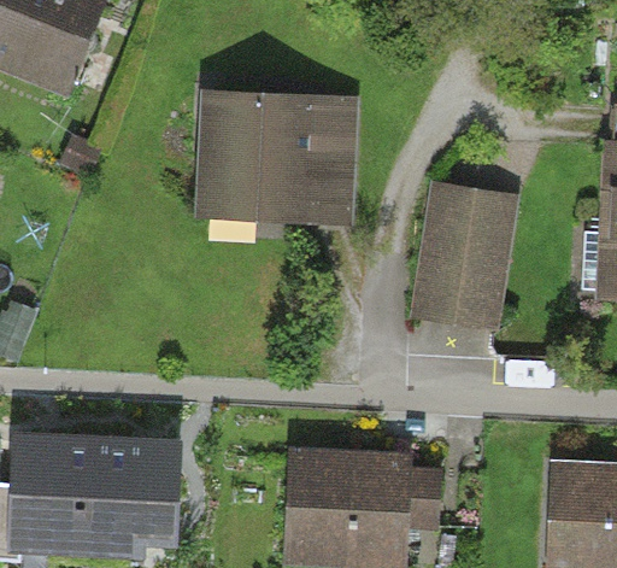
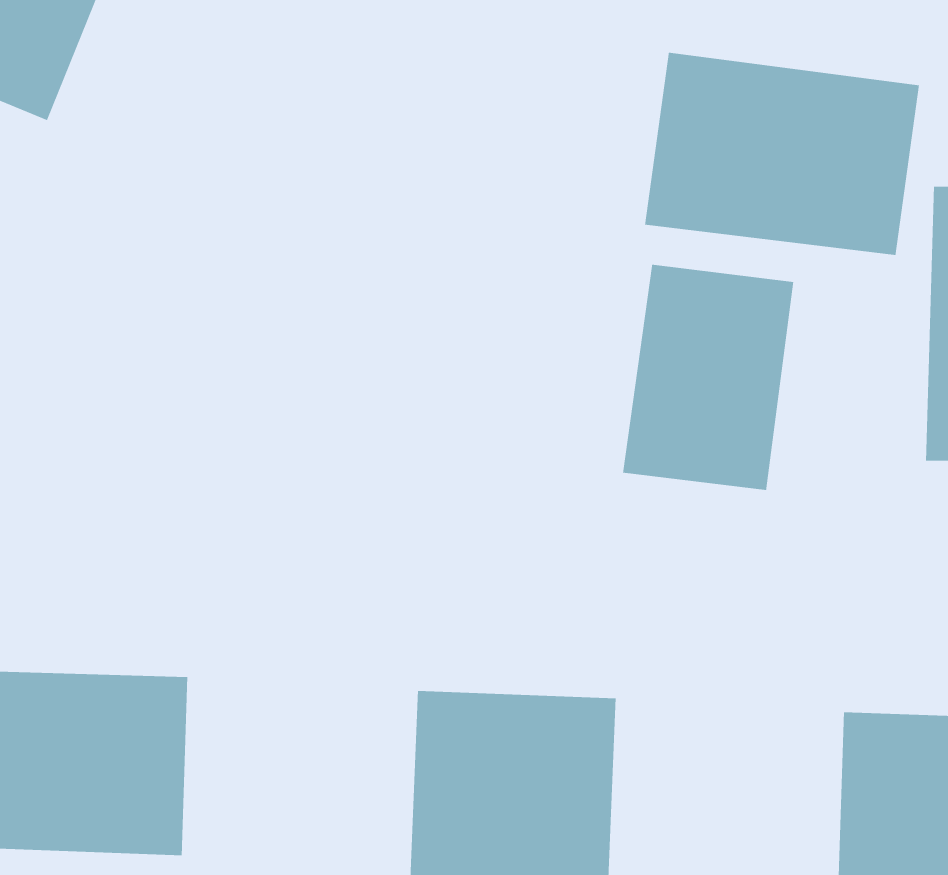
building: none -> [644,52,920,256]
building: [198,88,360,224] -> none

